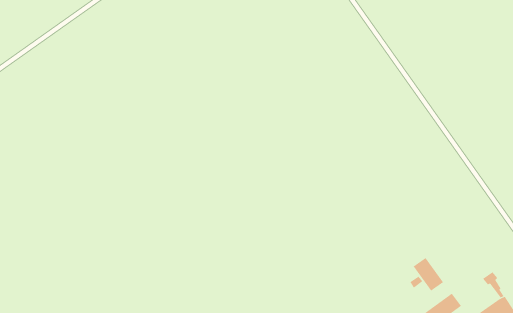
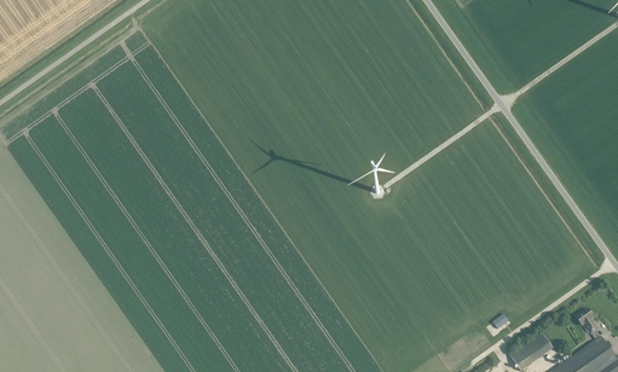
building: [413,257,444,291] -> none

